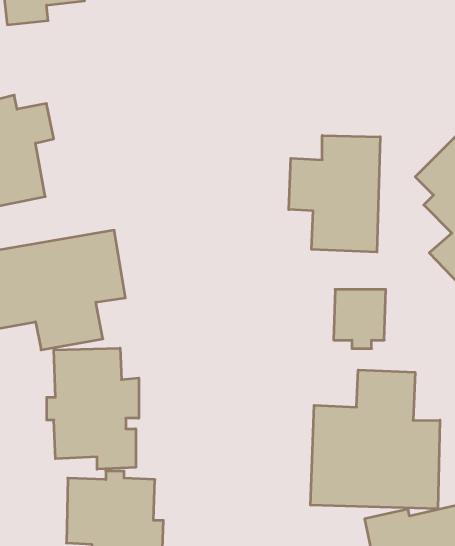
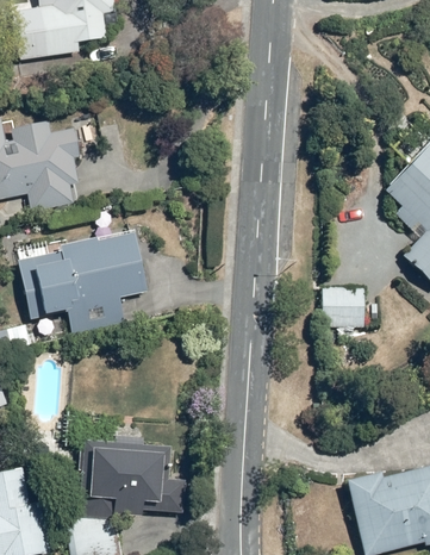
building: [289,135,380,252] -> none
building: [47,348,139,469] -> none
building: [310,370,440,509] -> none

